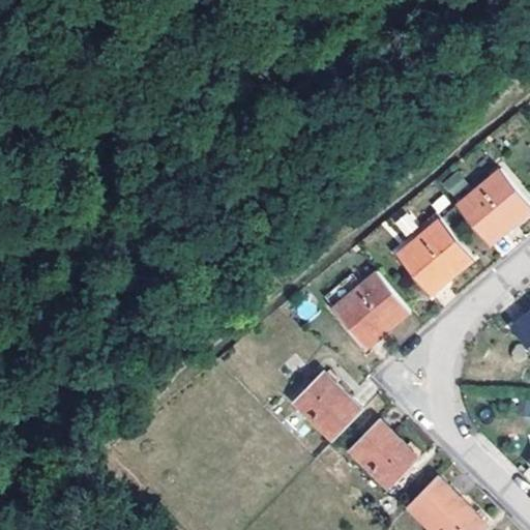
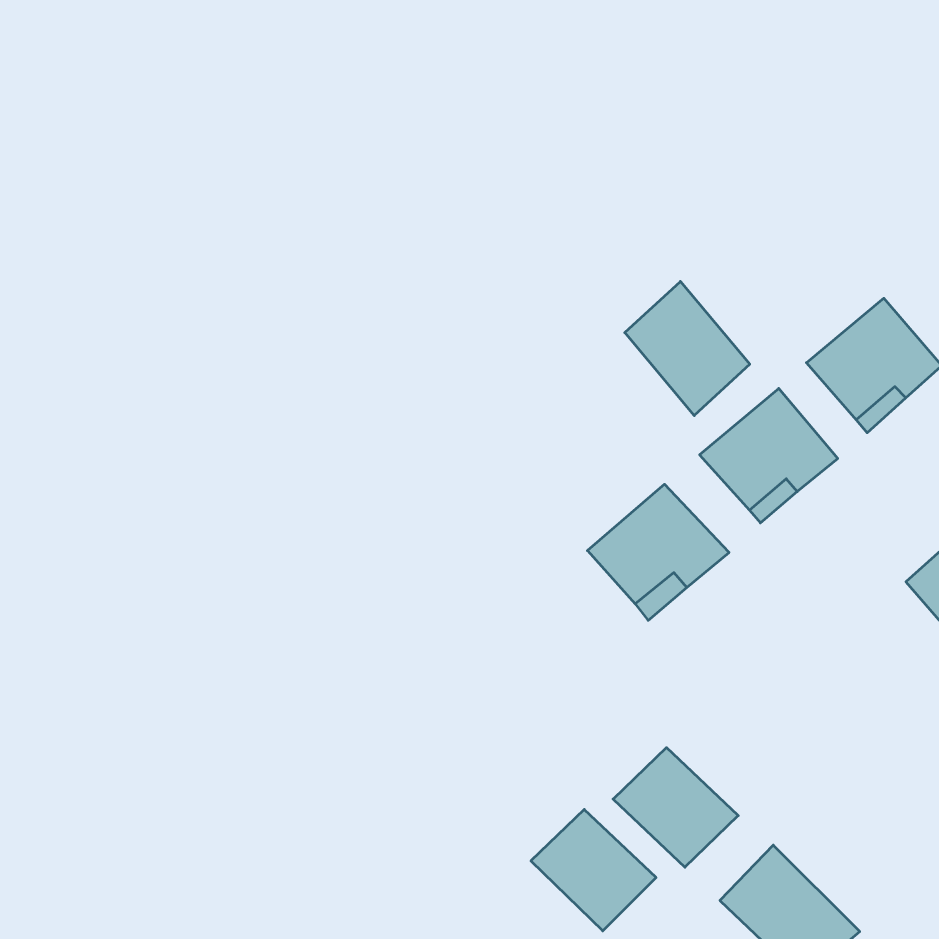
building: none -> [625,281,750,416]
building: [292,371,362,439] -> [531,809,656,931]

